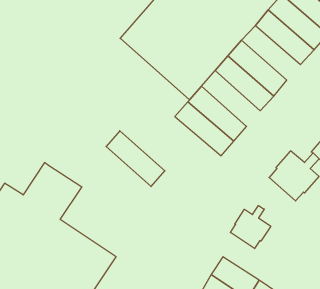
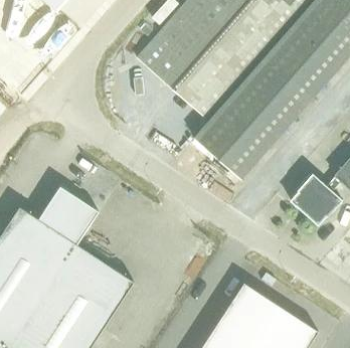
building: none -> [261,45,322,102]
building: [106,131,165,187] -> [220,92,281,149]
building: [230,206,271,249] -> none

